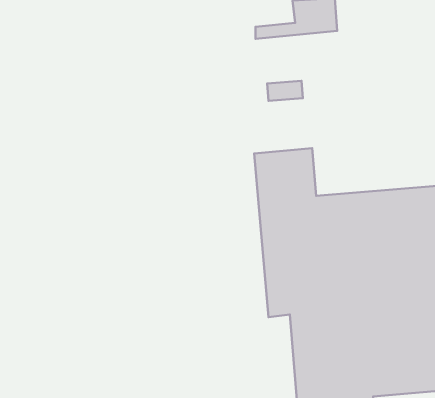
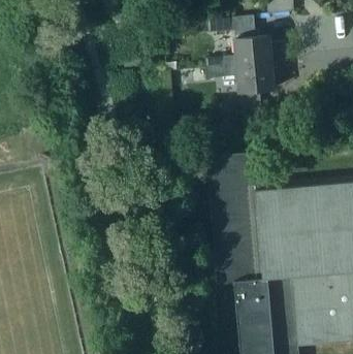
building: none -> [206,60,274,92]

